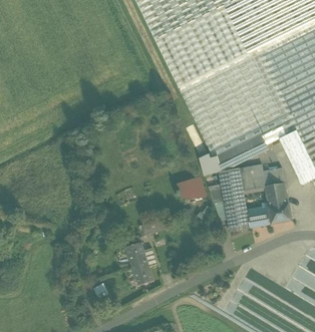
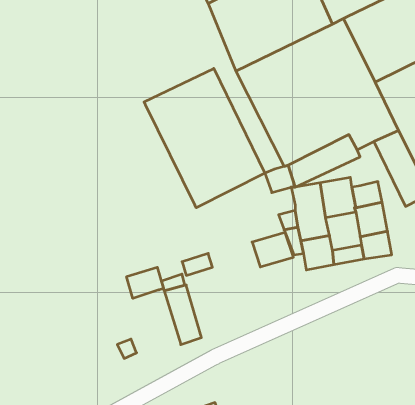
building: none -> [144,68,265,208]
building: [176,175,206,200] -> [252,232,293,267]
building: none -> [127,267,164,298]

